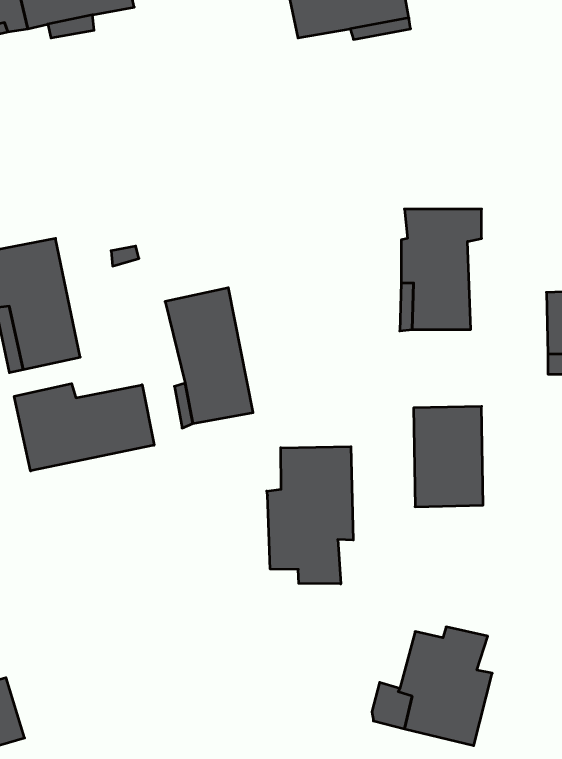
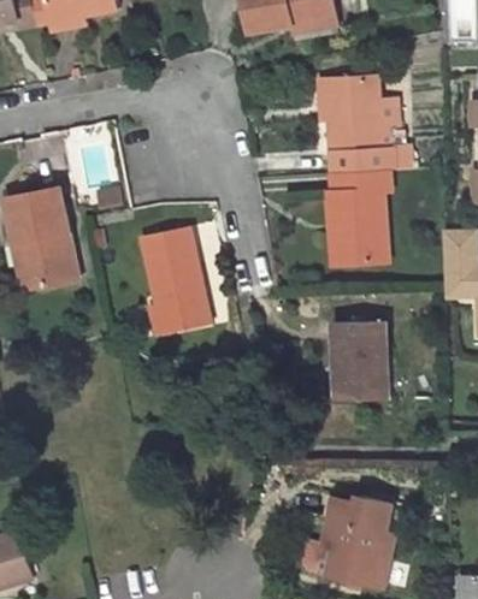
building: none -> [327,81,407,167]
building: [14,384,154,471] -> none
building: [267,447,353,584] -> none

